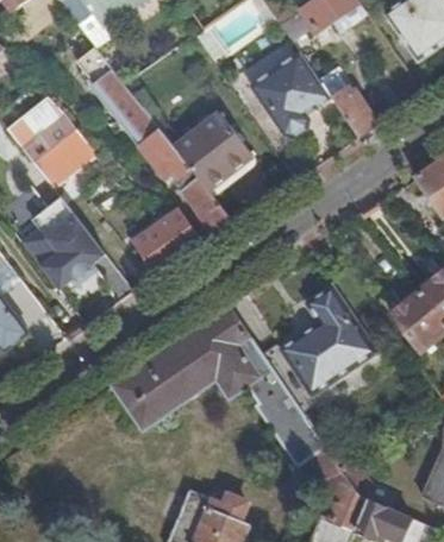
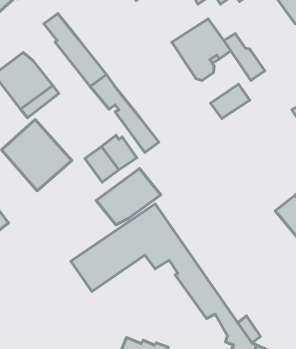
building: [174,113,251,189] -> none
building: none -> [210,84,250,119]
building: none -> [96,169,161,225]
building: [280,286,376,396] -> none

